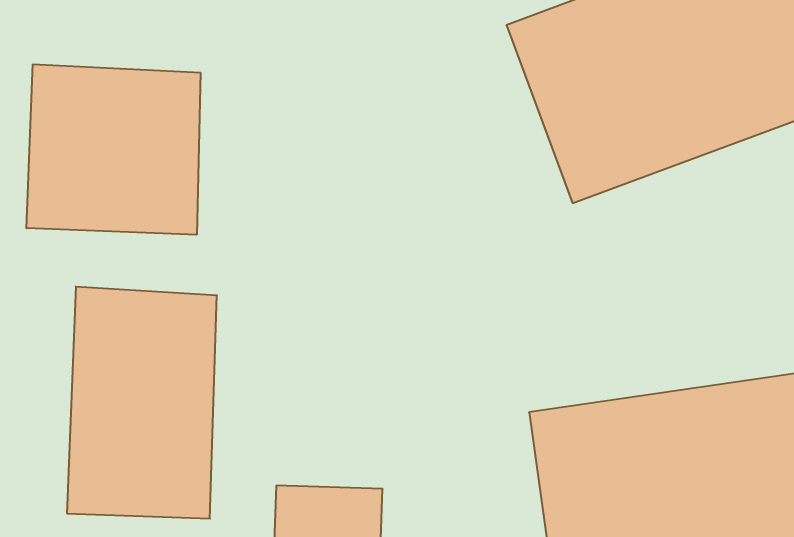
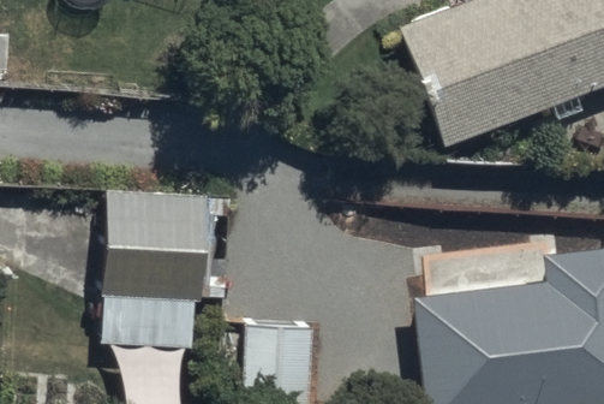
building: [26,64,200,235] -> none

